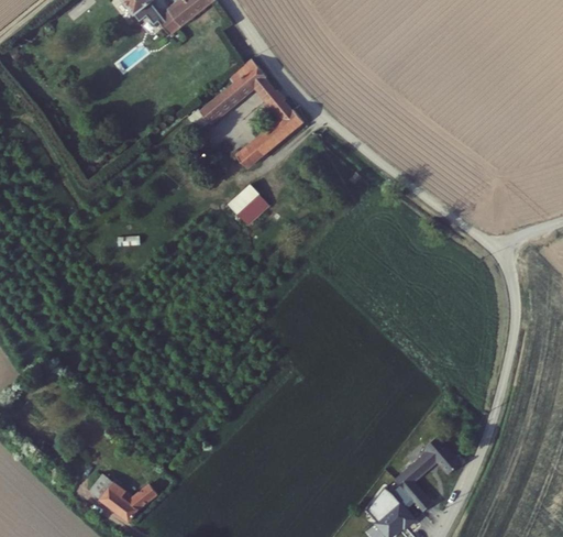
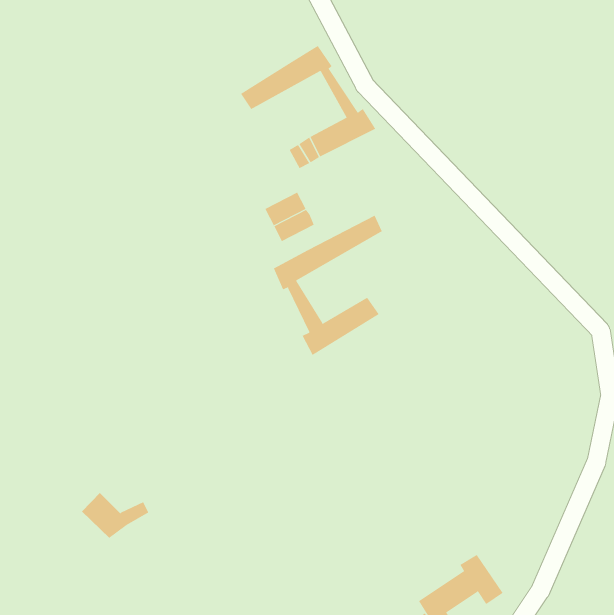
building: none -> [273,215,382,356]
building: [96,484,147,518] -> [81,492,149,539]

